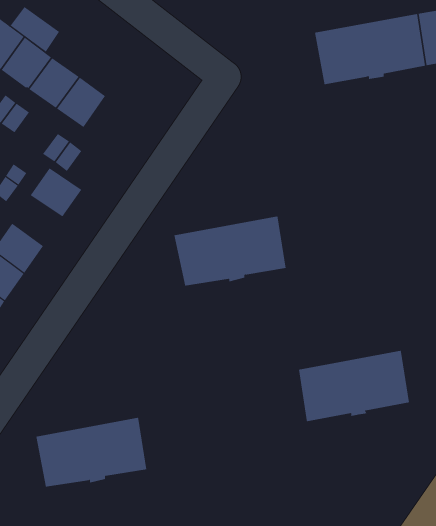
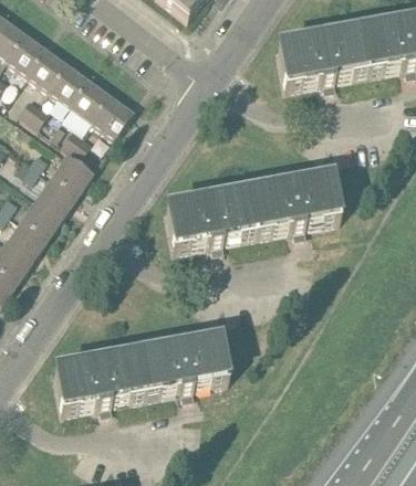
building: [10,6,60,53] -> none
building: none -> [95,91,135,131]
building: none -> [38,170,79,211]
building: [298,350,410,422] -> [251,171,341,229]
building: none -> [139,332,230,390]

